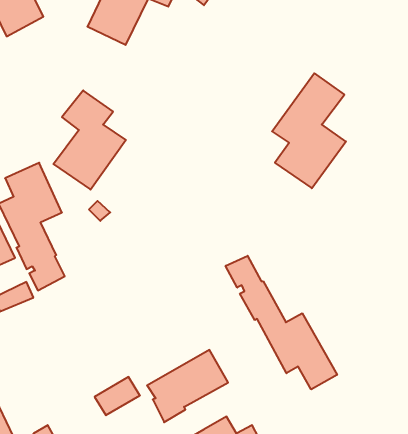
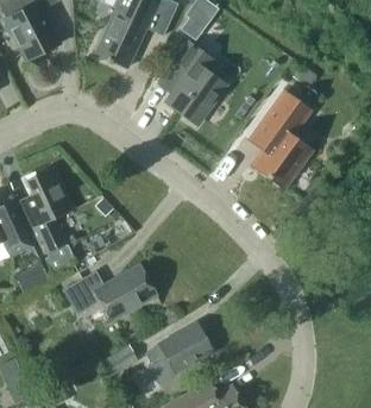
building: [53,90,126,190] -> [165,42,226,125]
building: [226,256,337,389] -> none
building: none -> [63,265,156,320]

